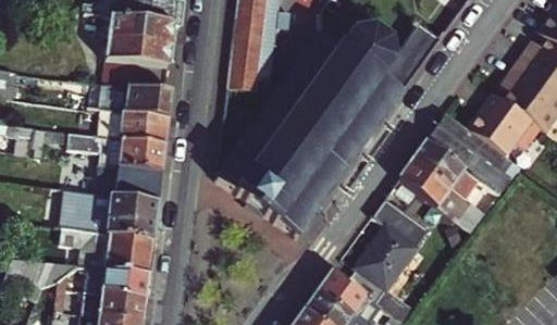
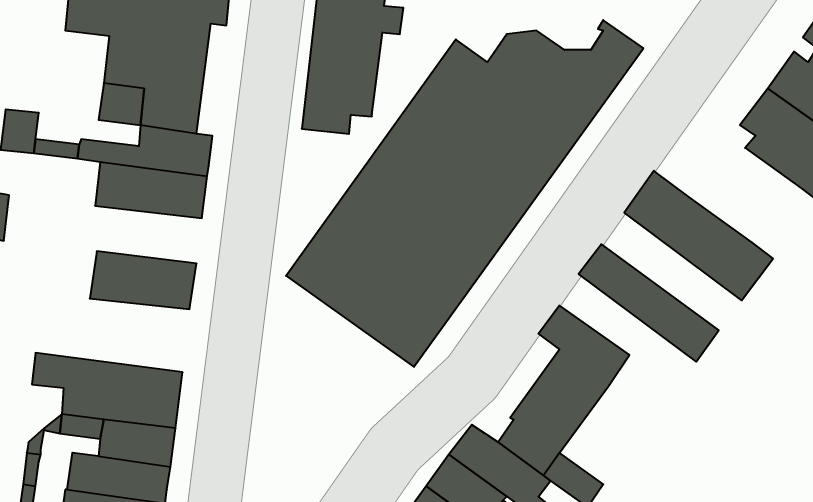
building: [468,92,537,158] -> none
building: [67,130,165,171] -> none
building: [413,139,500,212] -> none
building: [53,191,158,238] -> none

